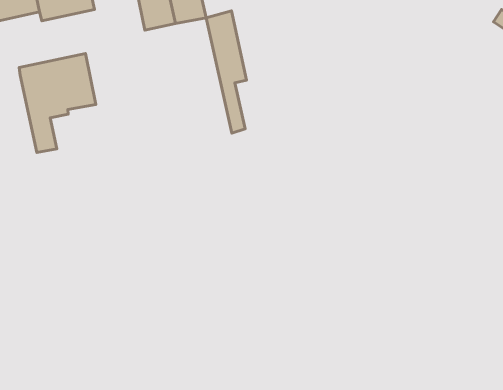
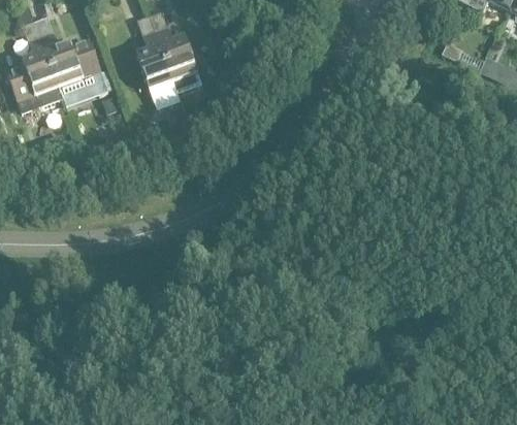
building: [206,11,247,133] -> none
building: [19,54,96,152] -> none

